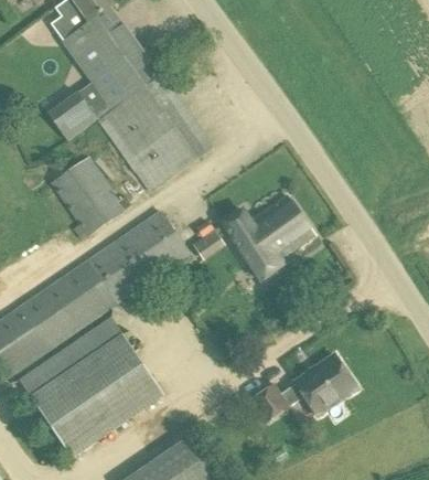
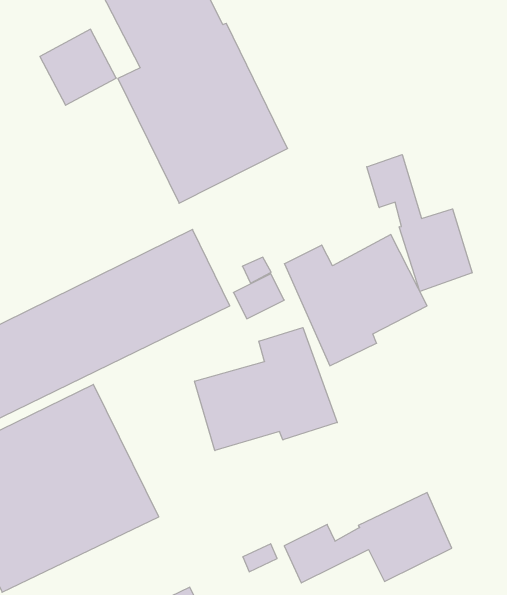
building: none -> [367,155,472,292]
building: [44,156,132,239] -> none
building: none -> [195,328,337,451]

